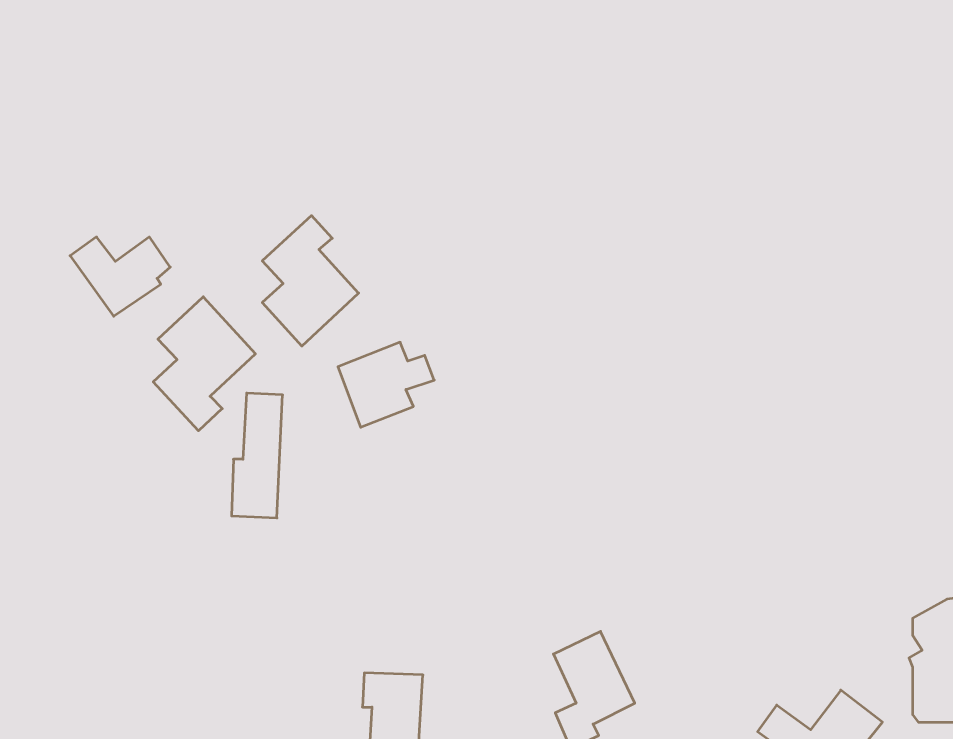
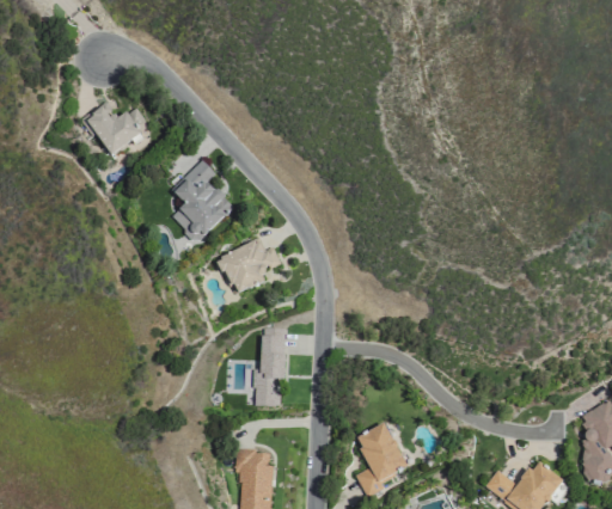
building: [70,237,170,316] -> [85,104,148,154]
building: [153,297,255,431] -> none
building: [232,393,283,518] -> [253,326,286,405]

